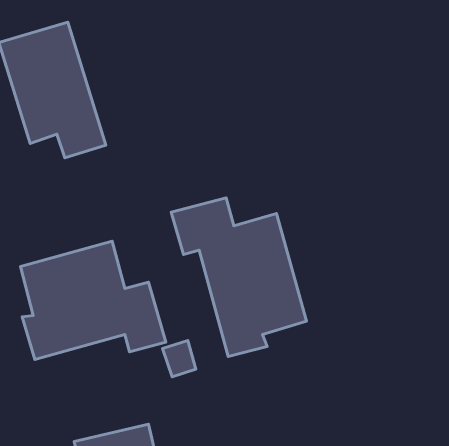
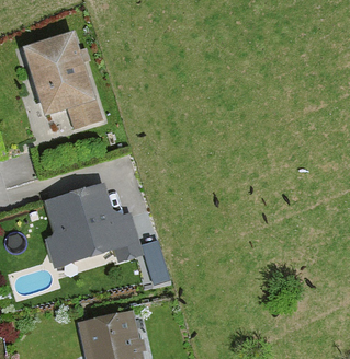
building: [171,198,306,356] -> none

